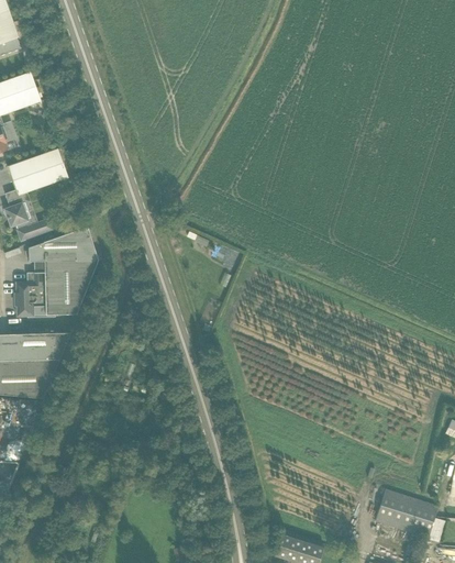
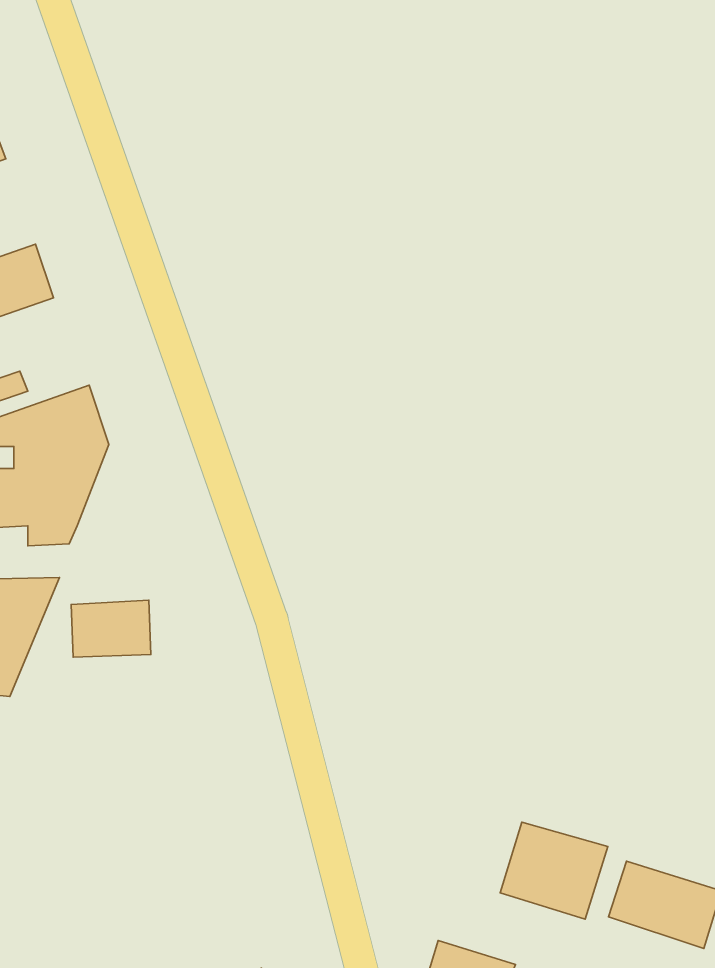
building: none -> [71,600,151,657]
building: none -> [500,822,608,919]

